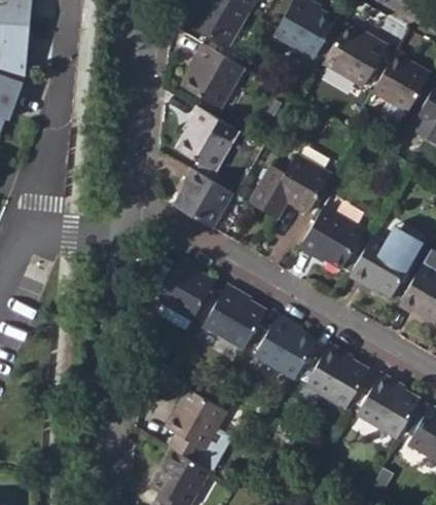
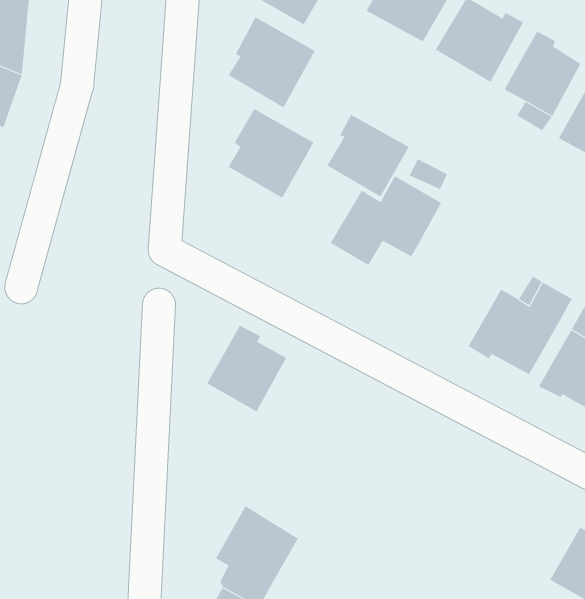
building: [175,171,234,230] -> [326,114,410,197]
building: [296,209,362,270] -> none
building: [207,288,268,354] -> none
building: [257,317,319,383] -> none
building: [308,347,368,409] -> none
building: [357,373,419,439] -> none

